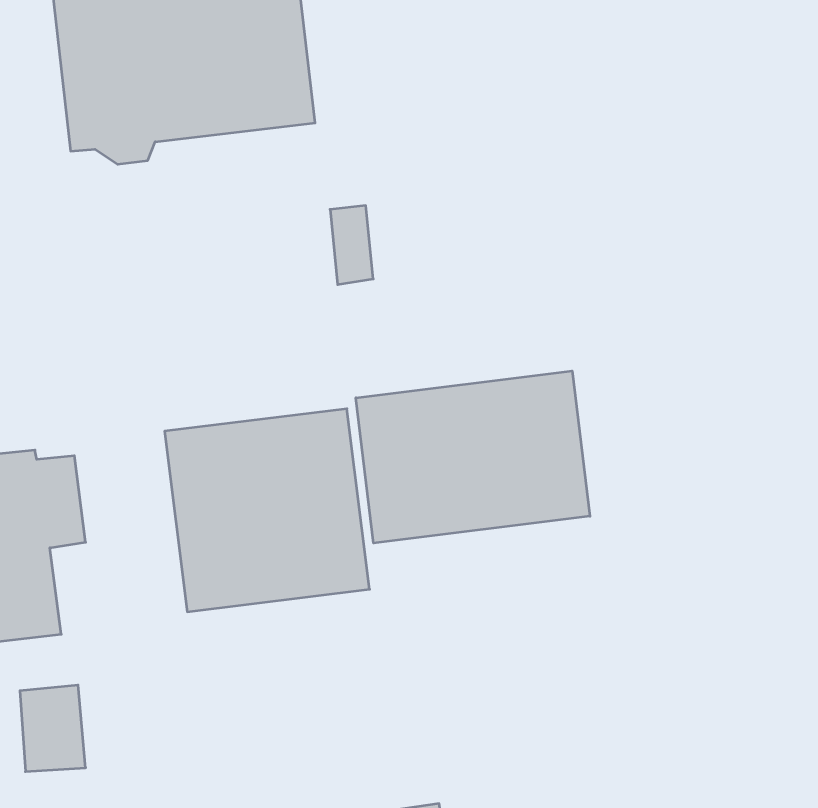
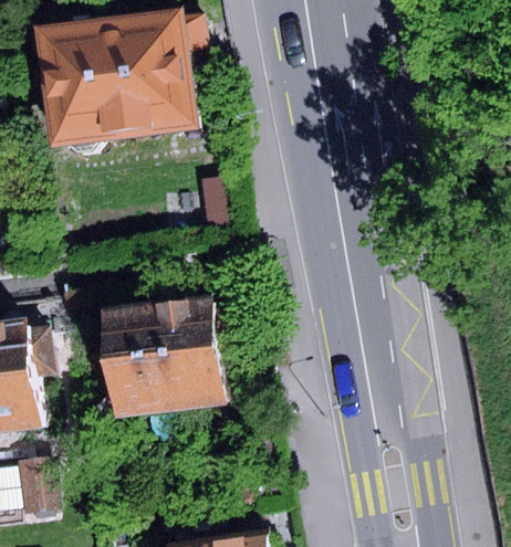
building: [356,371,590,543] -> none

